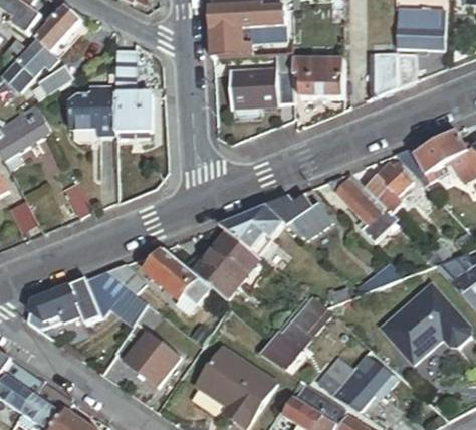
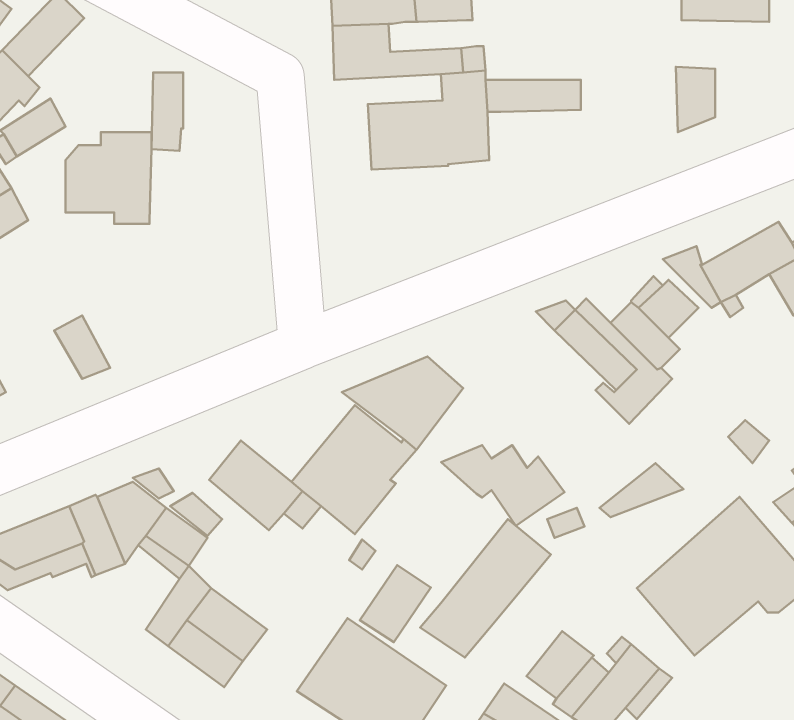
building: [401,25,448,47] -> none
building: [372,50,399,96] -> none
building: [303,73,346,96] -> none
building: [114,94,152,134] -> none
building: [264,197,330,240] -> [441,445,564,526]
building: none -> [360,565,431,642]

